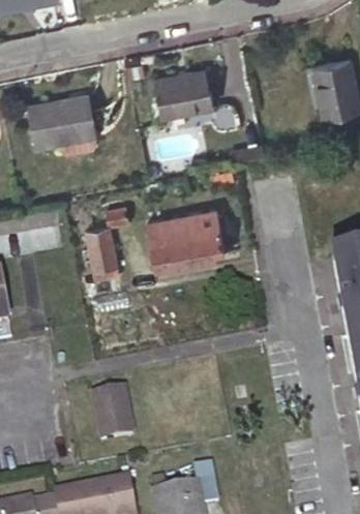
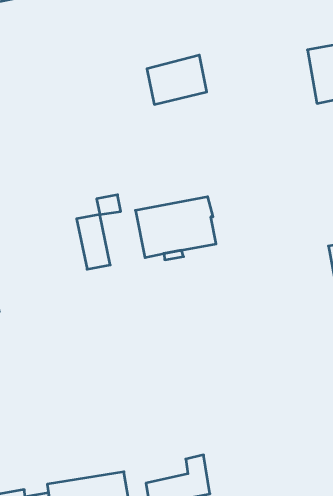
building: [30,91,98,144] -> none
building: [96,389,137,442] -> none

